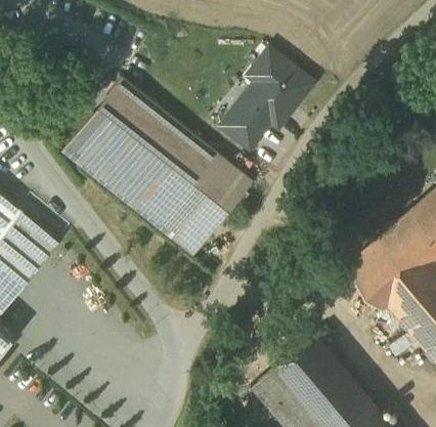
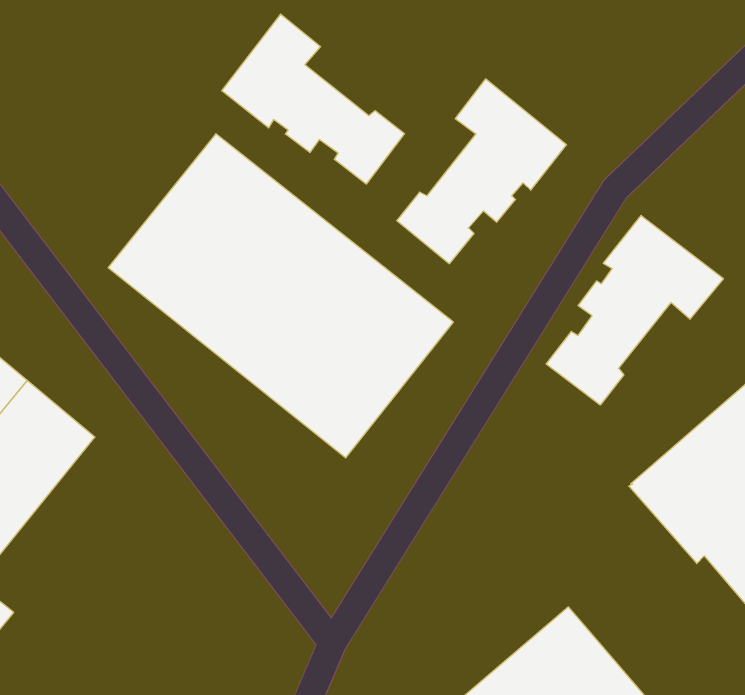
building: none -> [222,14,405,184]
building: none -> [546,215,723,405]

